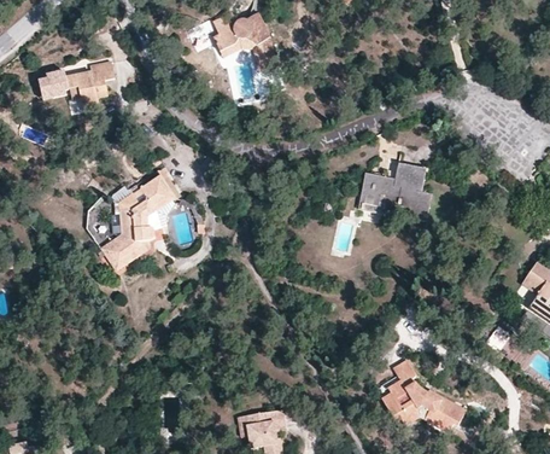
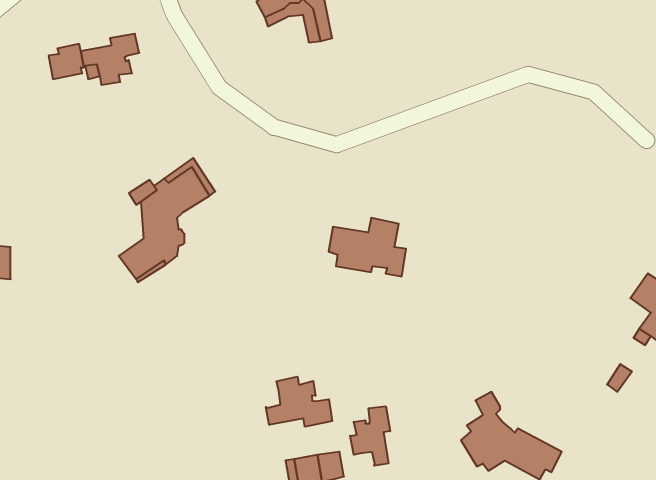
building: [362,165,426,214] -> [329,218,406,276]
building: none -> [266,377,332,427]
building: none -> [350,406,390,466]

